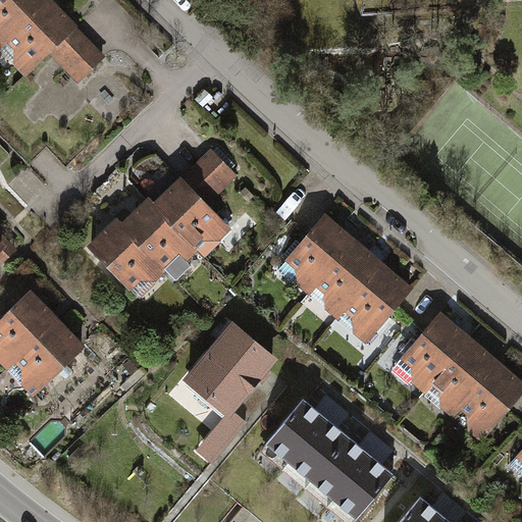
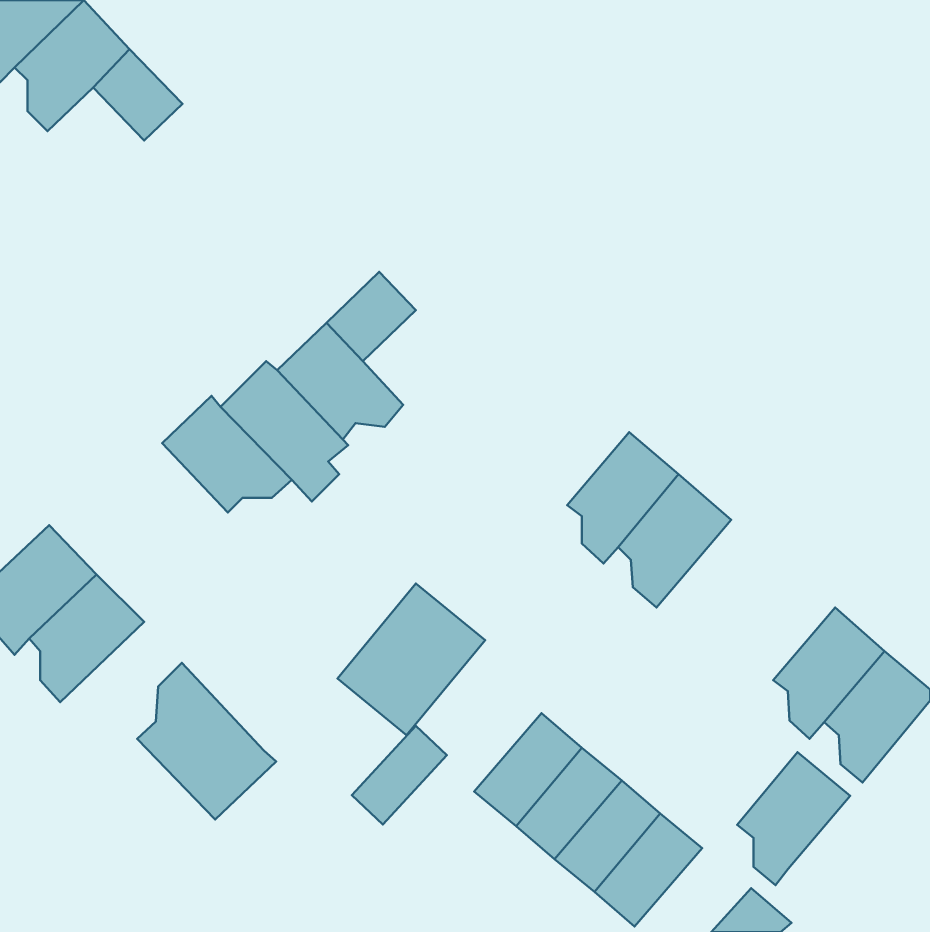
building: [289,217,352,292] -> none
building: [404,315,467,389] -> [737,752,850,885]
building: none -> [137,663,276,820]

